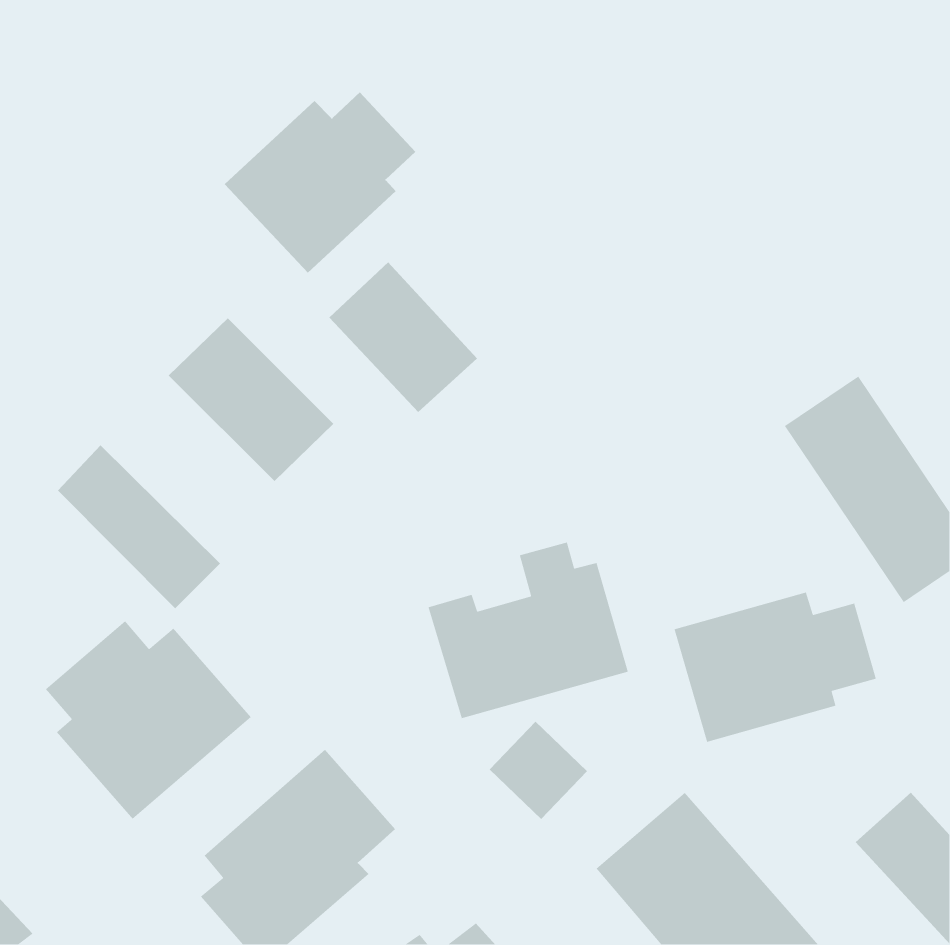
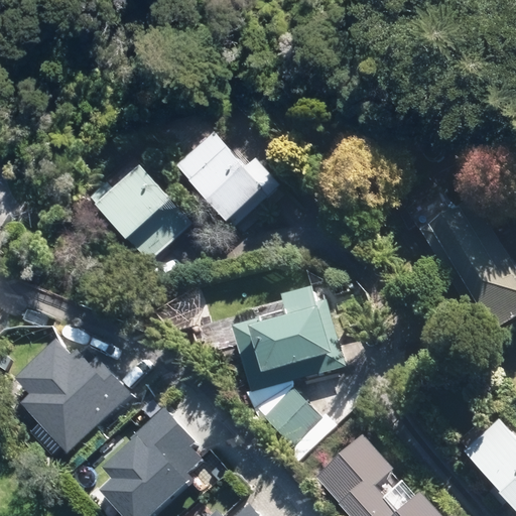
building: [224,92,416,274] -> none
building: [57,445,221,609] -> none
building: [674,591,877,743] -> none

